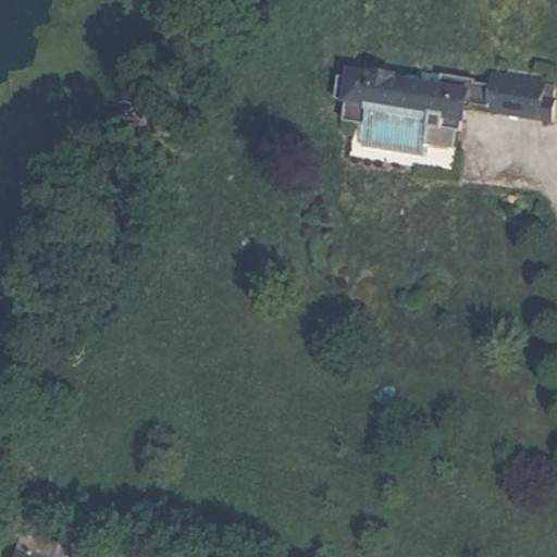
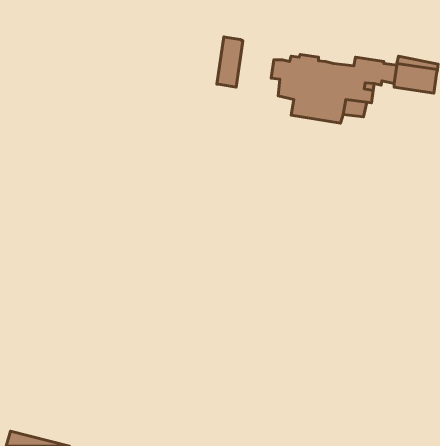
building: none -> [217,37,243,87]

